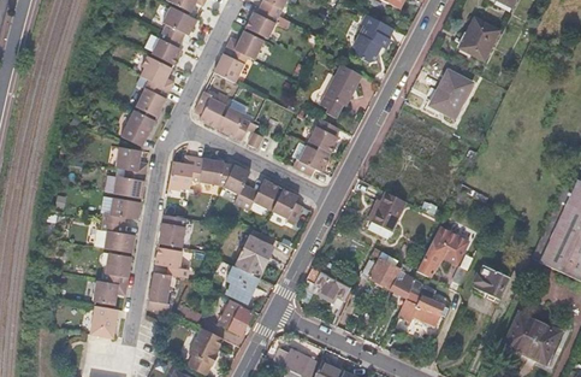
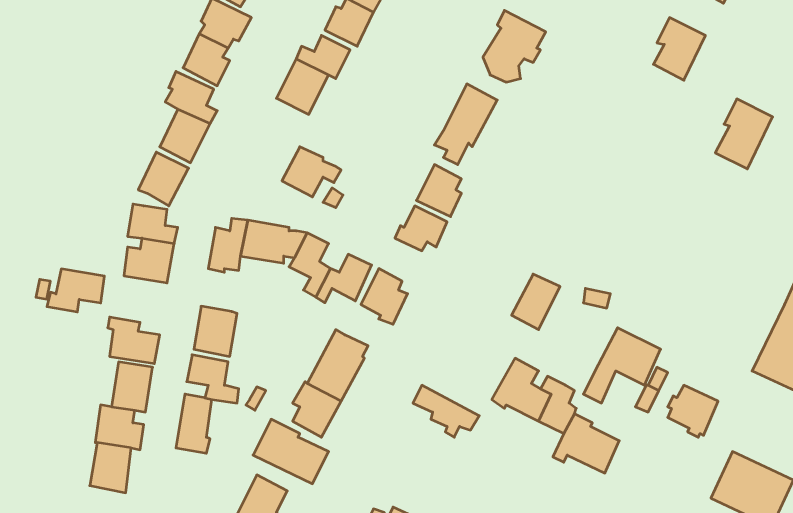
building: [435,72,474,119] -> [715,99,773,169]
building: [195,92,225,126] -> none
building: [102,195,141,224] -> [47,269,104,312]

